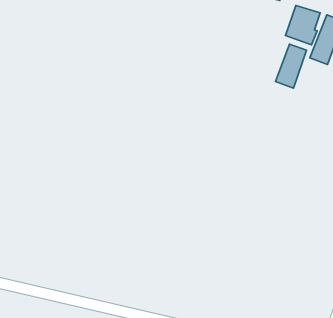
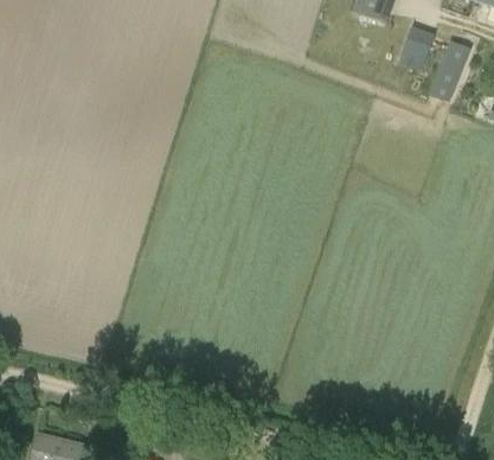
building: [275,44,307,88] -> none

